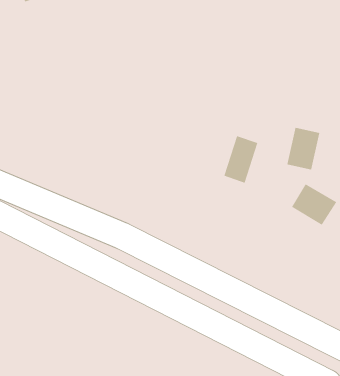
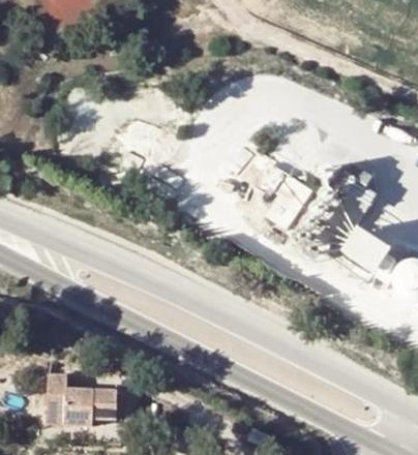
building: none -> [46,375,114,423]

